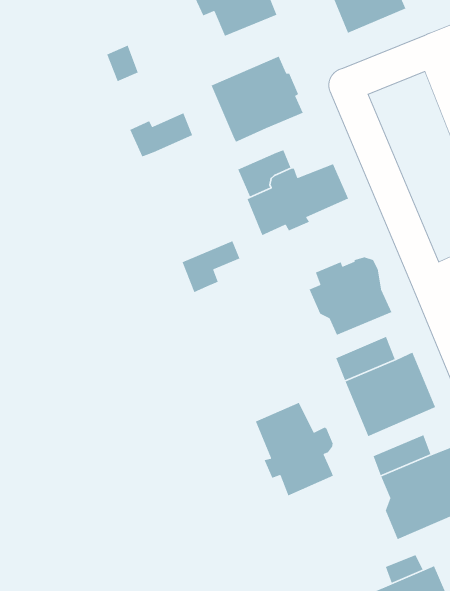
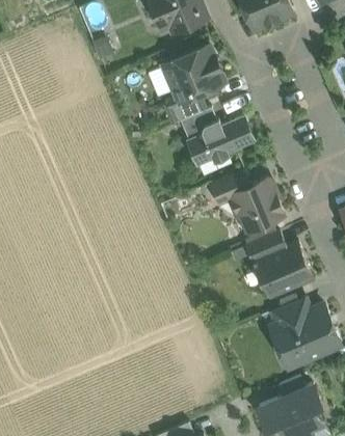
building: [129,112,193,157] -> [163,93,206,124]
building: [181,240,241,293] -> [210,169,249,205]
building: [255,402,334,497] -> none

